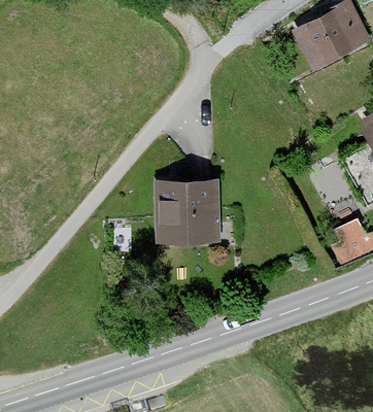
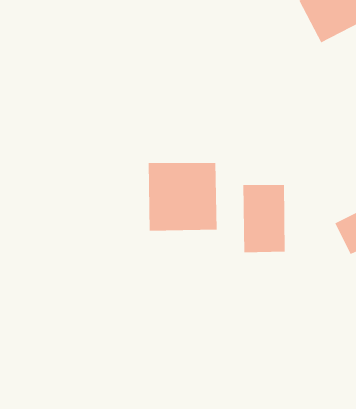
building: none -> [243,184,285,253]

